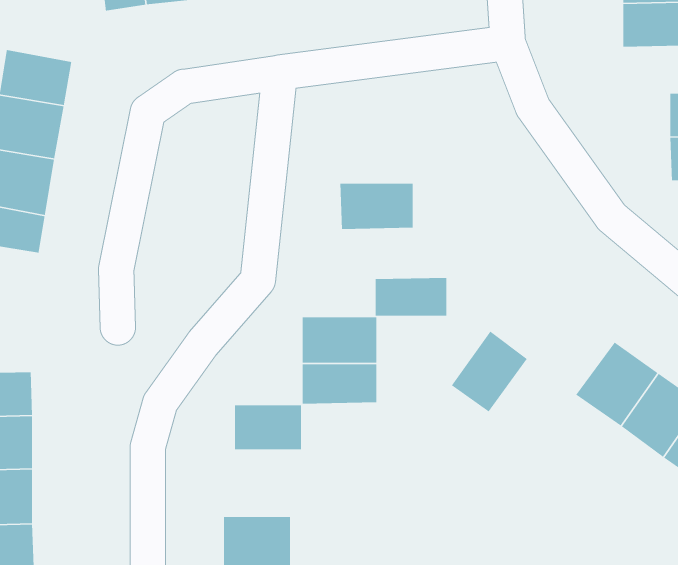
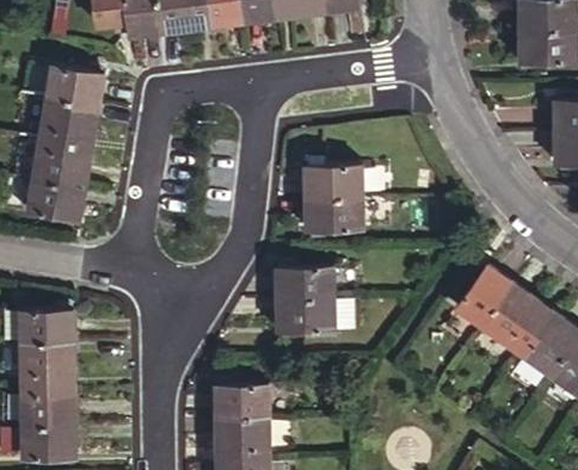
building: [375,277,447,316] -> [306,202,361,231]
building: [451,331,528,412] -> [455,266,514,328]
building: [234,404,302,450] -> [216,385,268,420]

